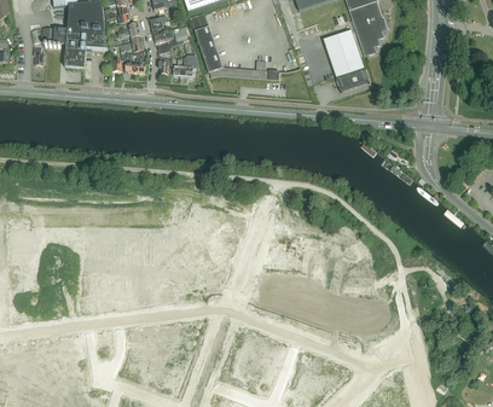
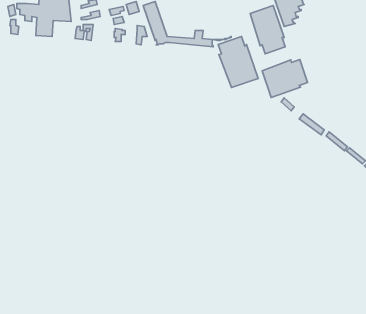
building: none -> [218,37,258,88]
building: none -> [262,59,307,97]

